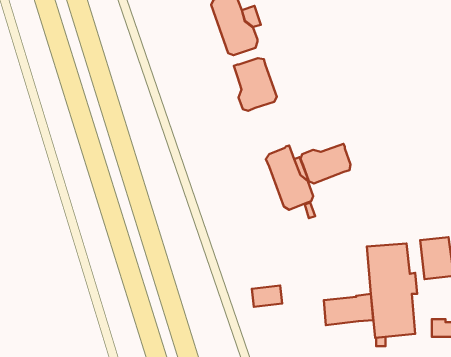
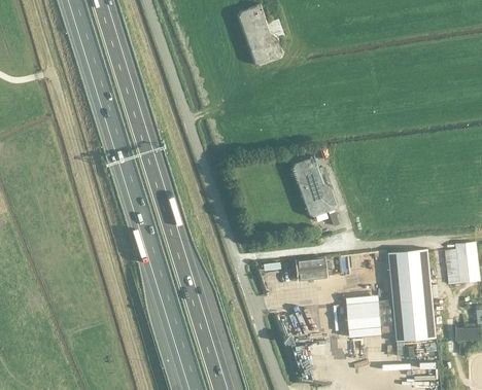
building: [234,58,277,111] -> none
building: [301,144,351,184] -> none
building: [252,286,282,307] -> [295,259,324,280]

